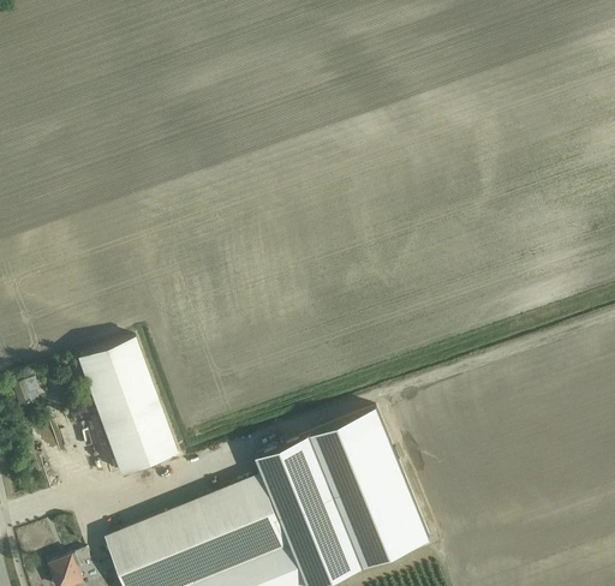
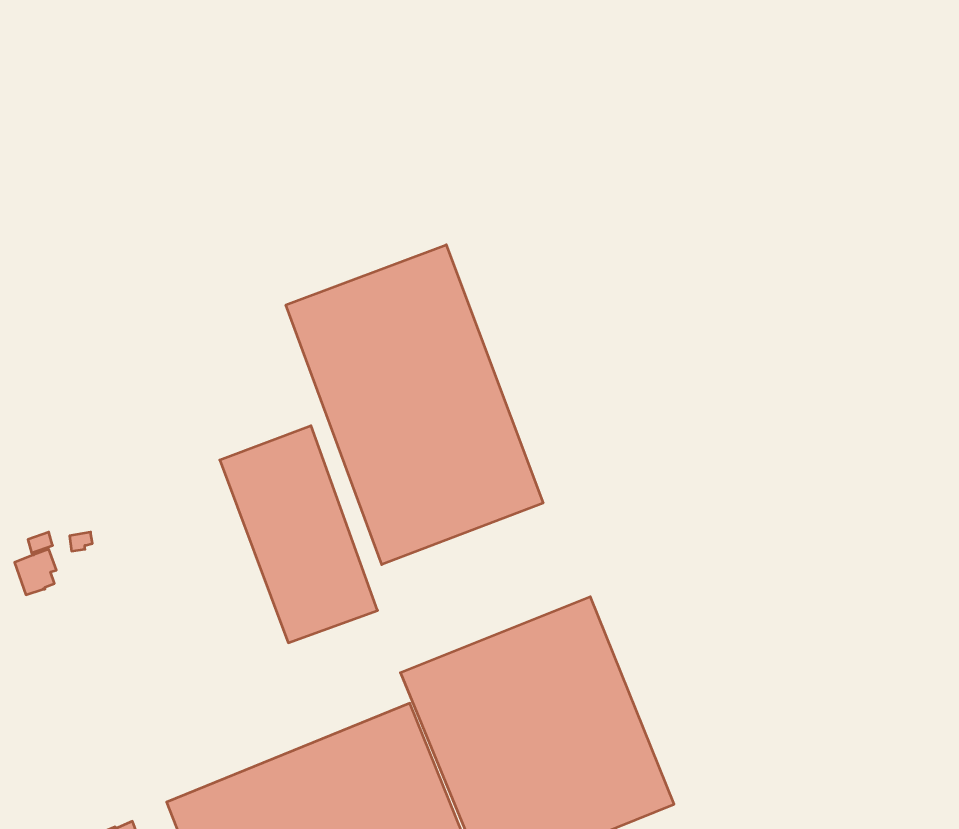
building: none -> [286,245,543,565]
building: [77,337,177,474] -> [220,426,378,643]

